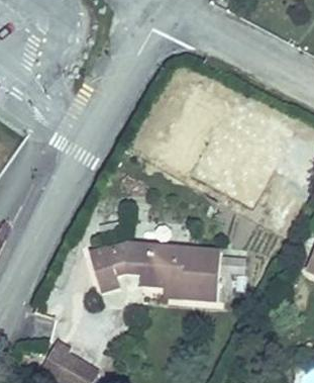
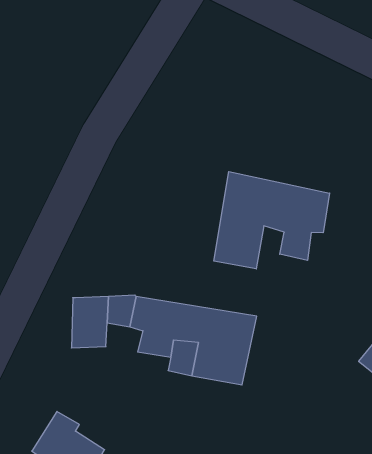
building: none -> [214,172,330,269]

